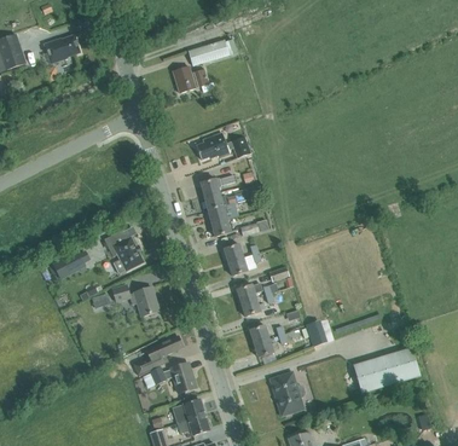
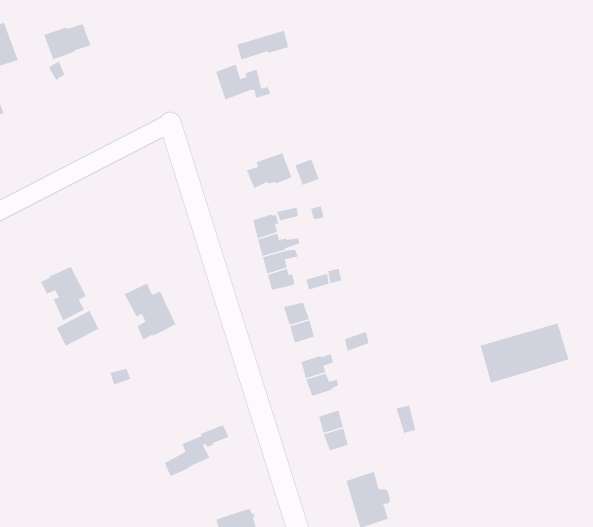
building: none -> [40,266,87,322]
building: [111,284,158,317] -> none
building: [352,347,419,393] -> [479,323,569,384]
building: [149,361,195,393] -> none

